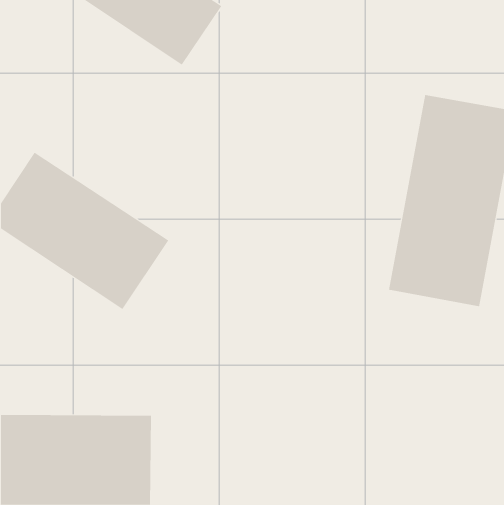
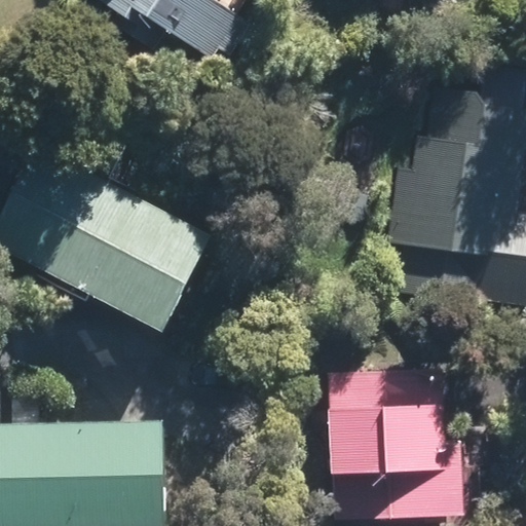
building: none -> [343,378,459,505]

